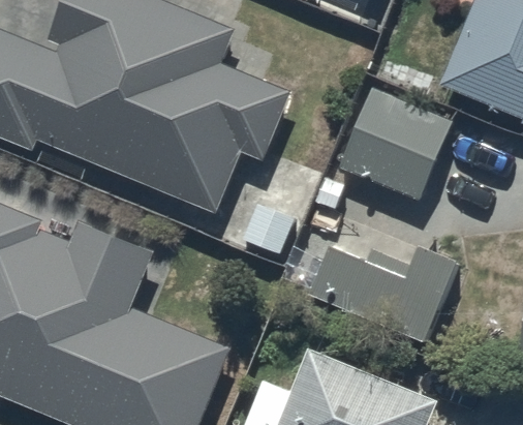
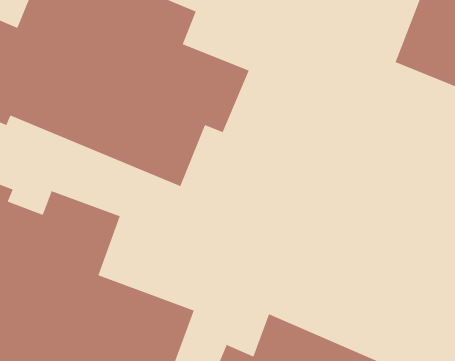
building: [337,87,452,202] -> none
building: [310,245,459,341] -> none

